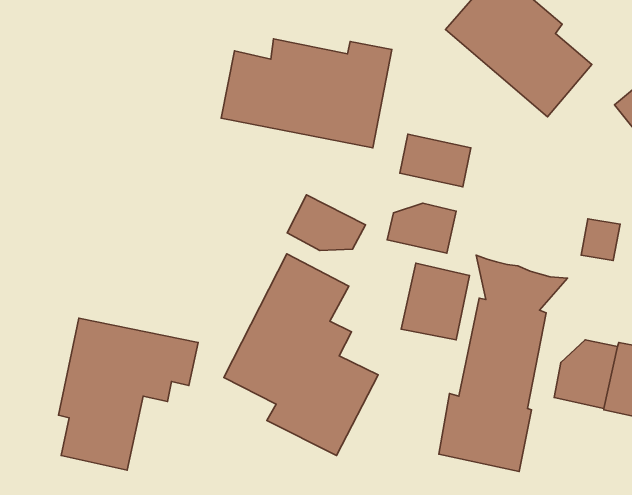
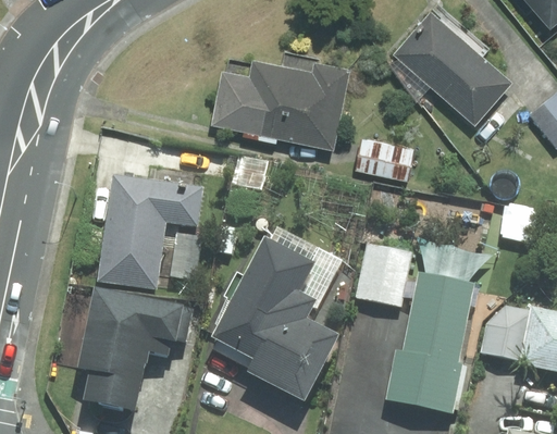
building: none -> [99,175,202,288]
building: [287,195,365,250] -> none
building: [387,203,456,253] -> none

